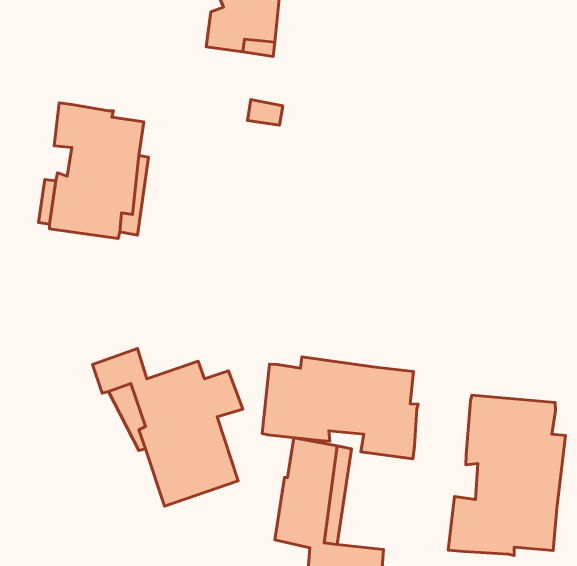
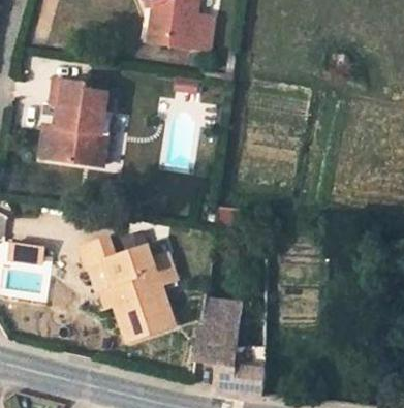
building: [262,357,418,459] -> none
building: [448,395,566,555] -> none

